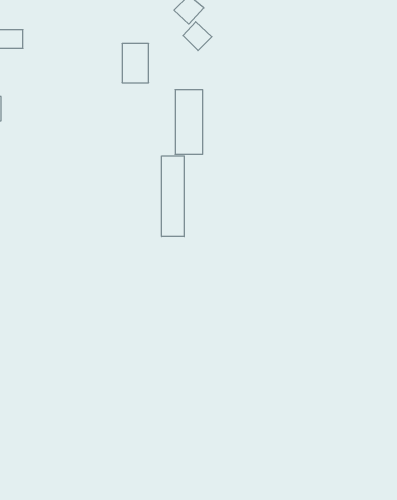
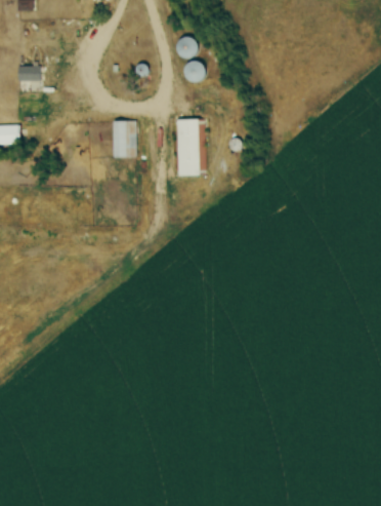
building: [122,44,149,83] -> [113,121,136,156]
building: [162,156,184,237] -> none

